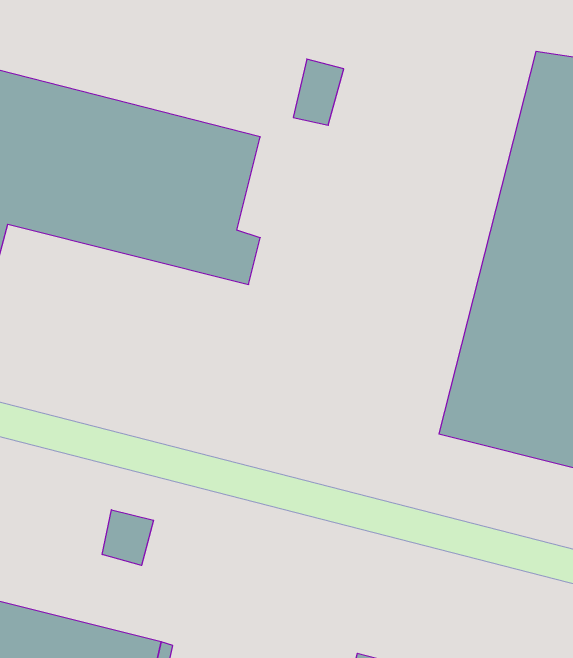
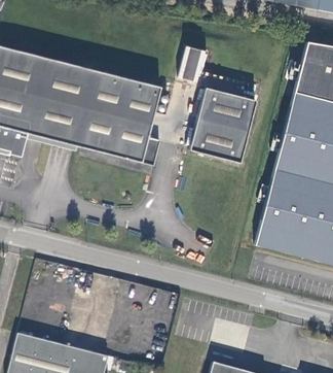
building: none -> [189,87,256,162]
building: [102,510,154,565] -> none

